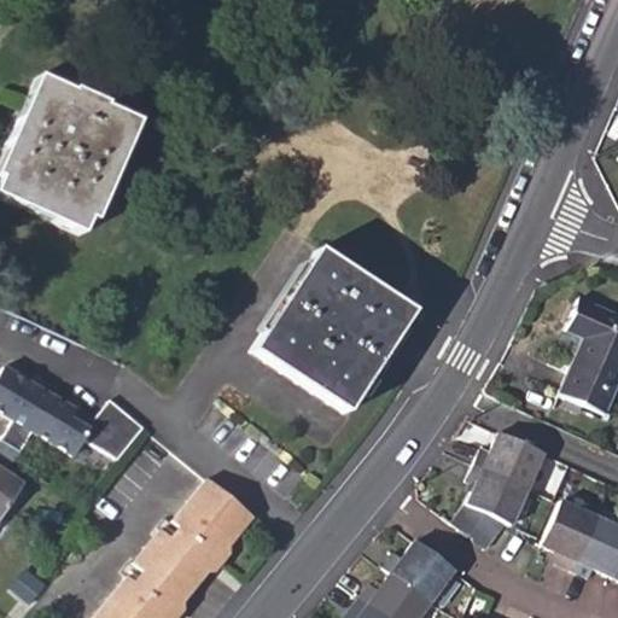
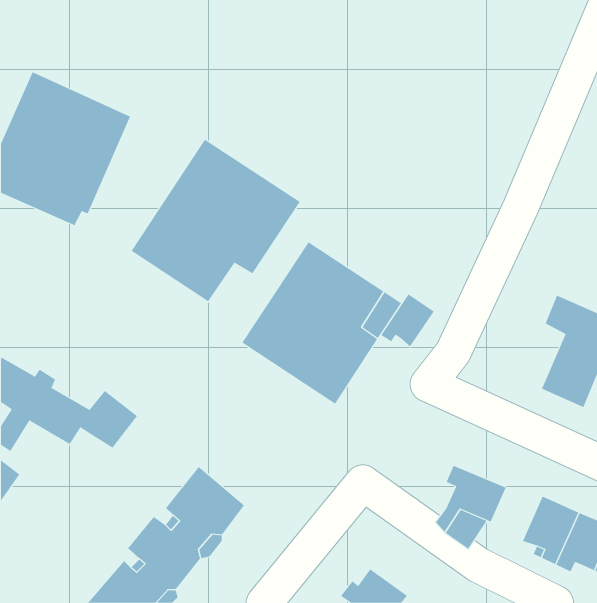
building: none -> [131,139,300,302]
building: none -> [380,294,435,347]
building: [471,436,542,495] -> none
building: [379,543,448,605] -> none

